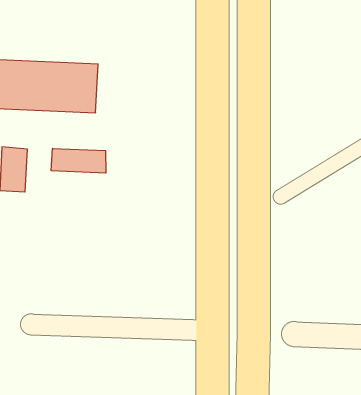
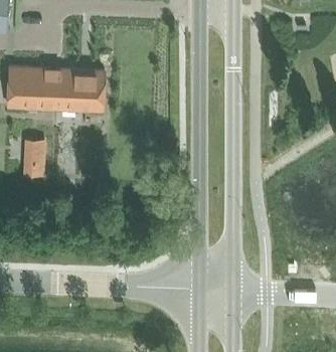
building: [51,148,106,173] -> none

